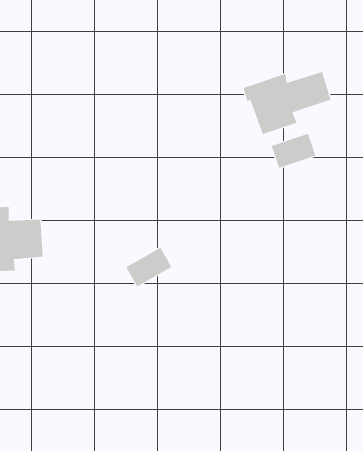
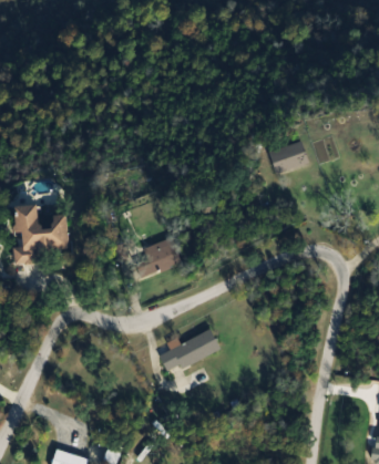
building: [243,71,331,135] -> none
building: none -> [156,328,221,373]

